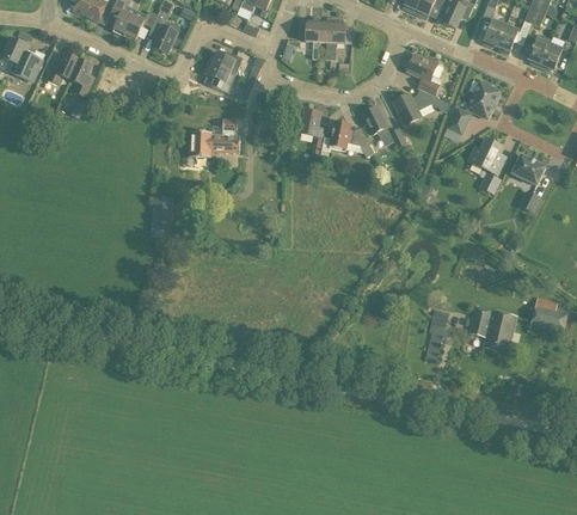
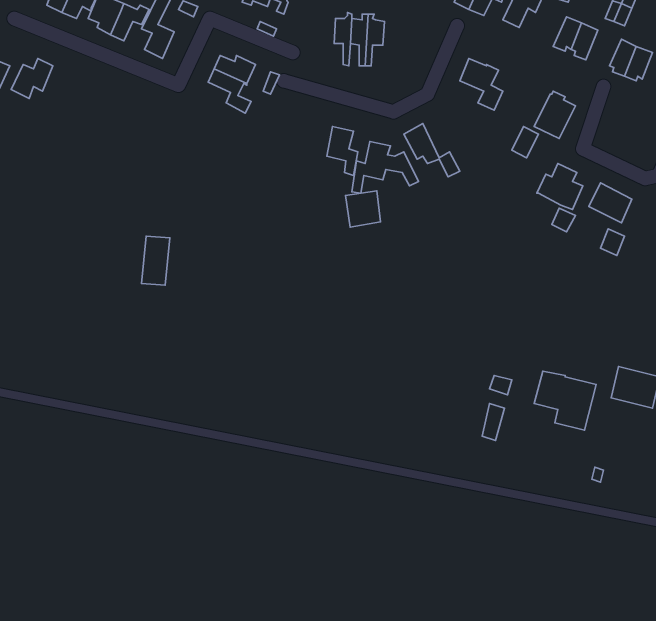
building: [70,59,96,97] -> none
building: [393,88,450,124] -> none
building: [189,118,240,157] -> none
building: none -> [345,191,380,227]

